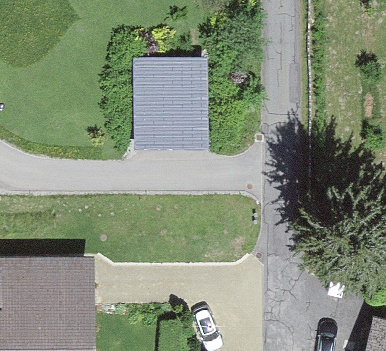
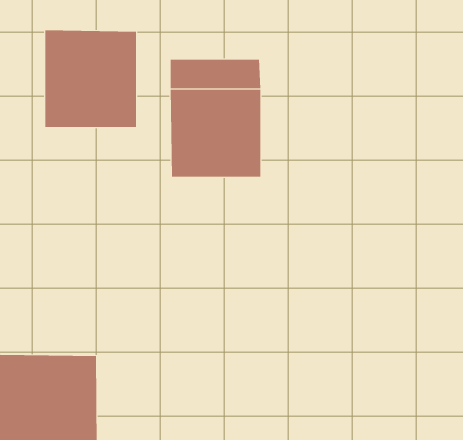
building: none -> [45,30,136,128]

